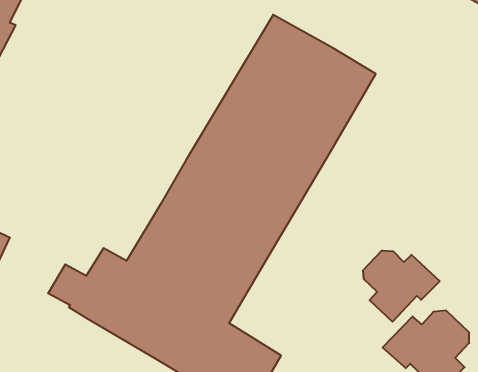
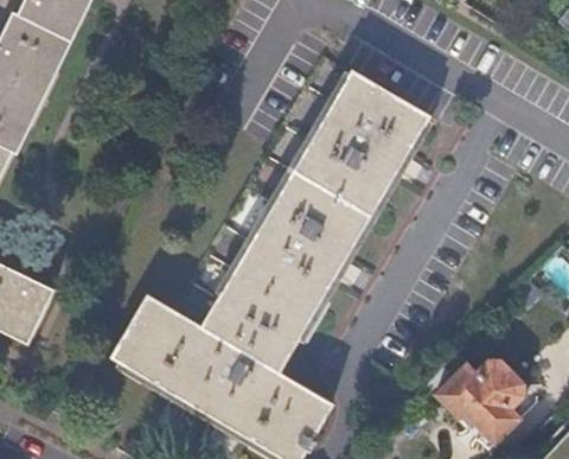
building: [363,250,440,322] -> none

